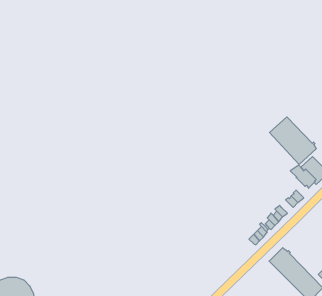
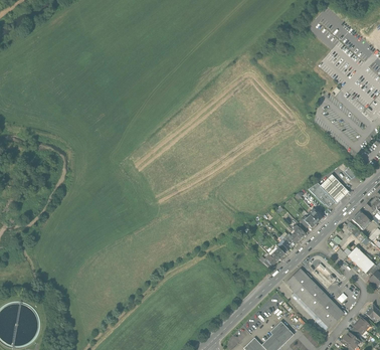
building: [270,117,316,165] -> none

